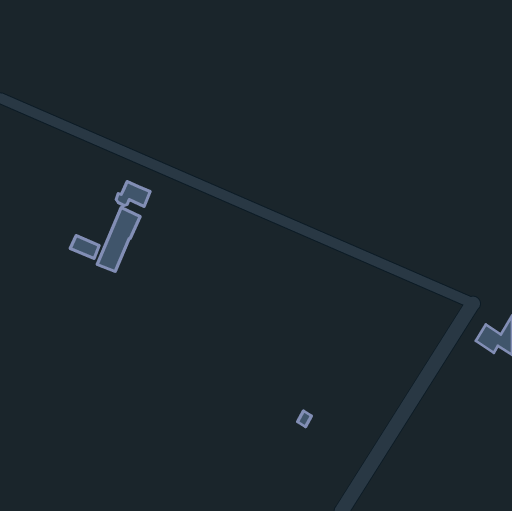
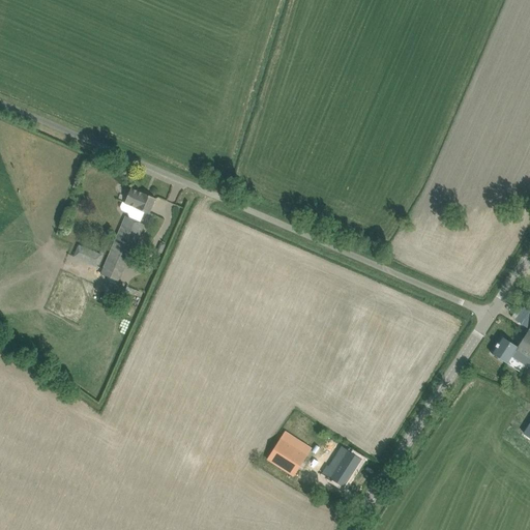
building: none -> [267,438,306,475]
building: none -> [319,446,362,487]

